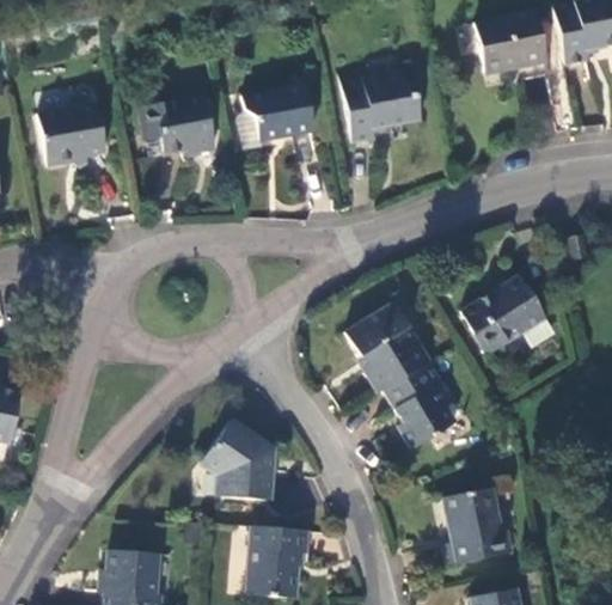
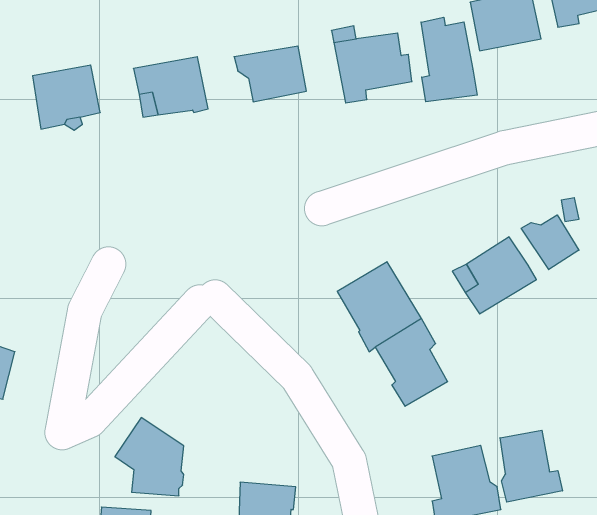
building: none -> [421,17,477,102]
building: none -> [521,215,579,270]
building: [202,420,271,499] -> [115,418,184,496]
building: none -> [500,430,562,502]

